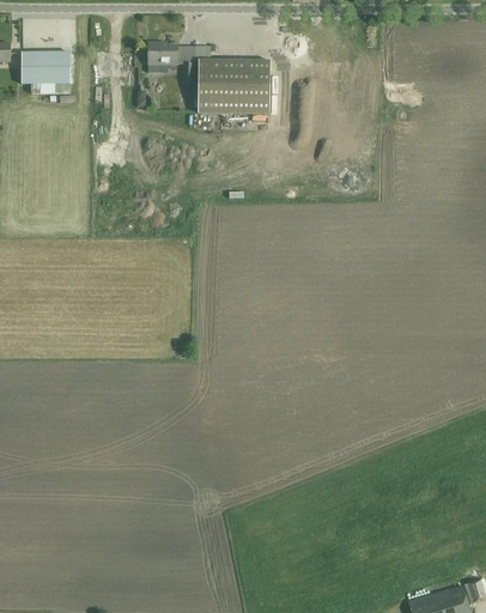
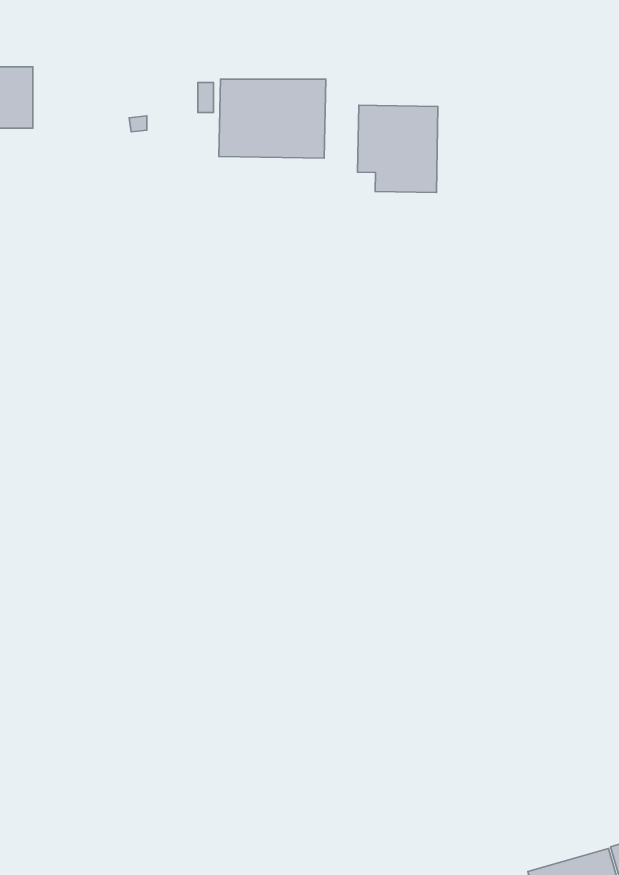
building: [148,43,177,63] -> none
building: none -> [358,105,438,192]

